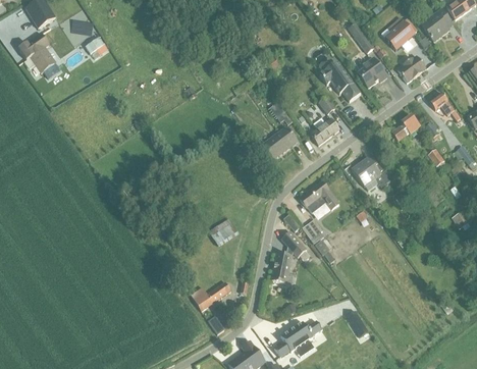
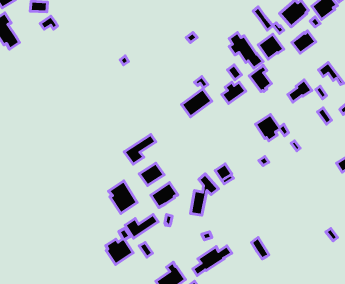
building: none -> [249,65,271,92]
building: [301,182,339,214] -> none
building: none -> [124,134,156,164]
building: none -> [109,181,137,213]
building: none -> [151,182,178,208]
building: none -> [106,229,133,264]

